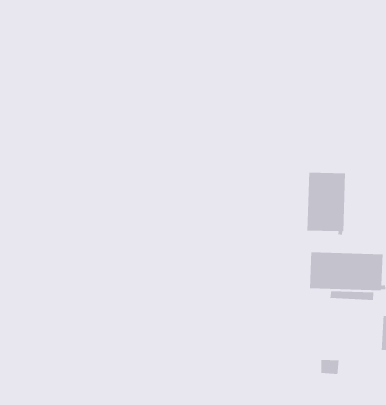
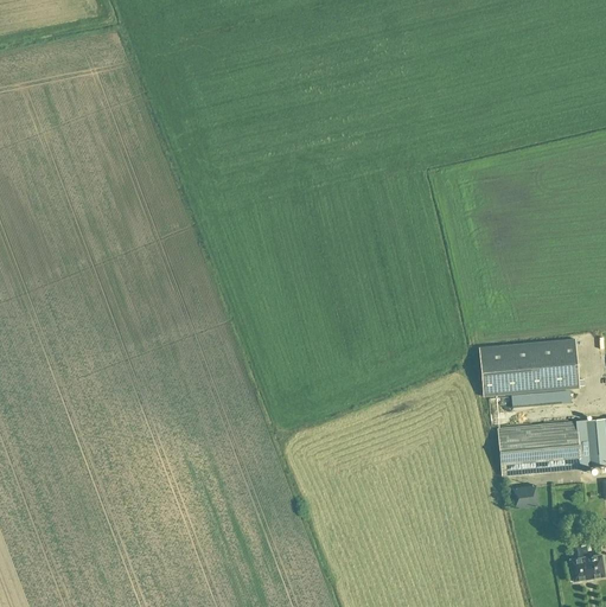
building: [306,172,346,235] -> none
building: none -> [497,420,580,474]

